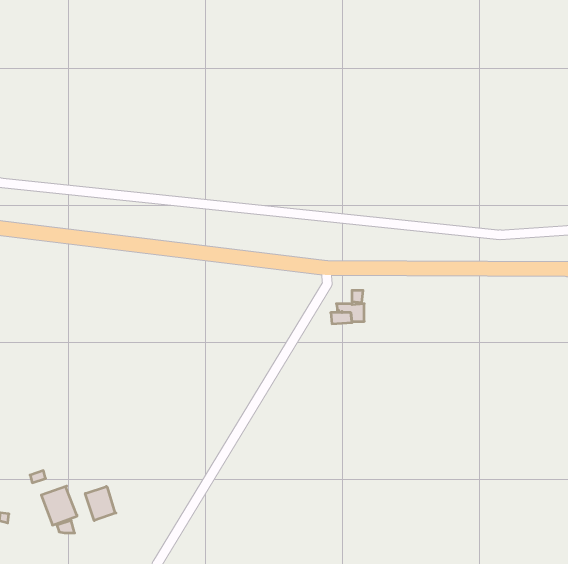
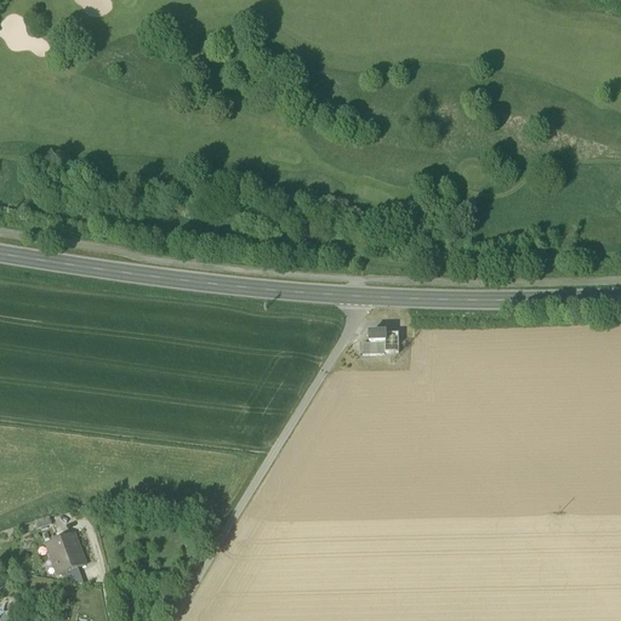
building: [85,486,116,521] -> none

